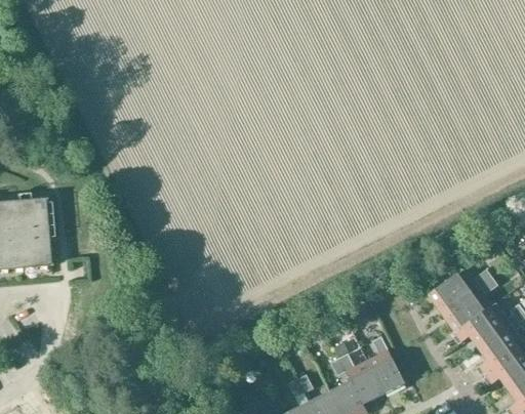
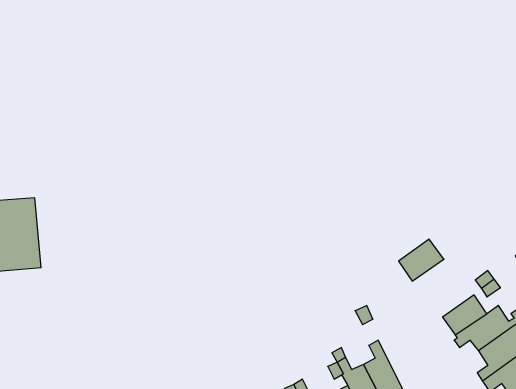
building: [430,272,474,313] -> [399,239,444,281]

